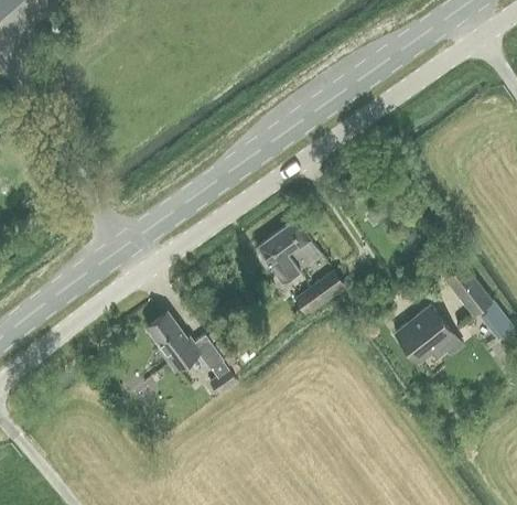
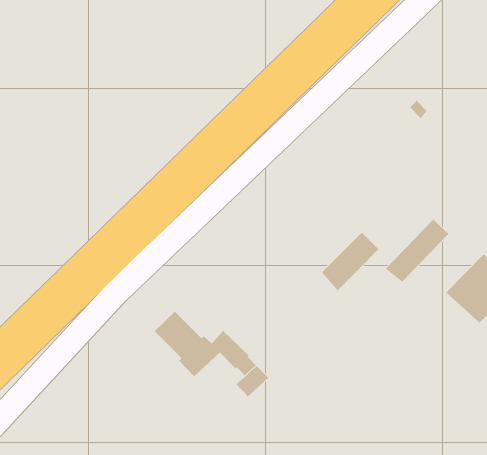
building: [258,219,320,283] -> none
building: none -> [385,219,449,283]

